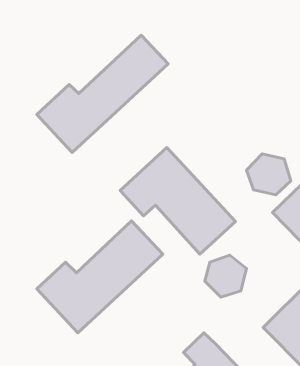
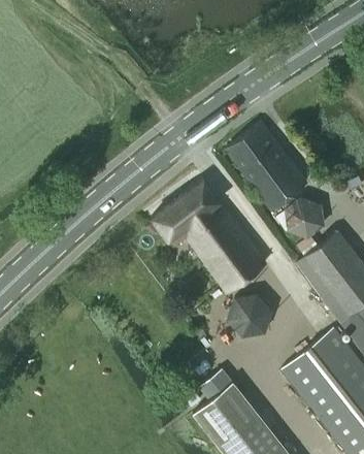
building: [37,35,168,153] -> none
building: none -> [226,125,305,209]
building: [37,221,163,333] -> none

